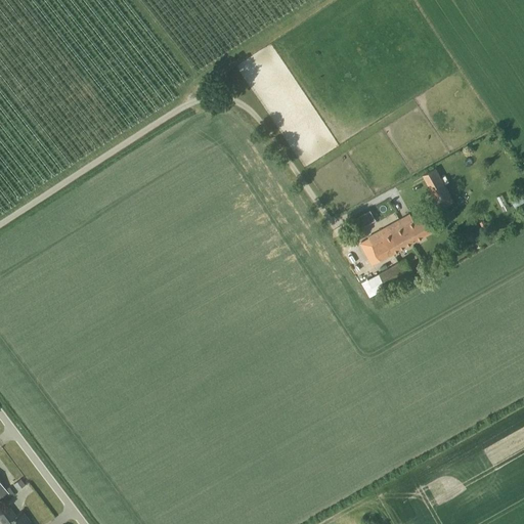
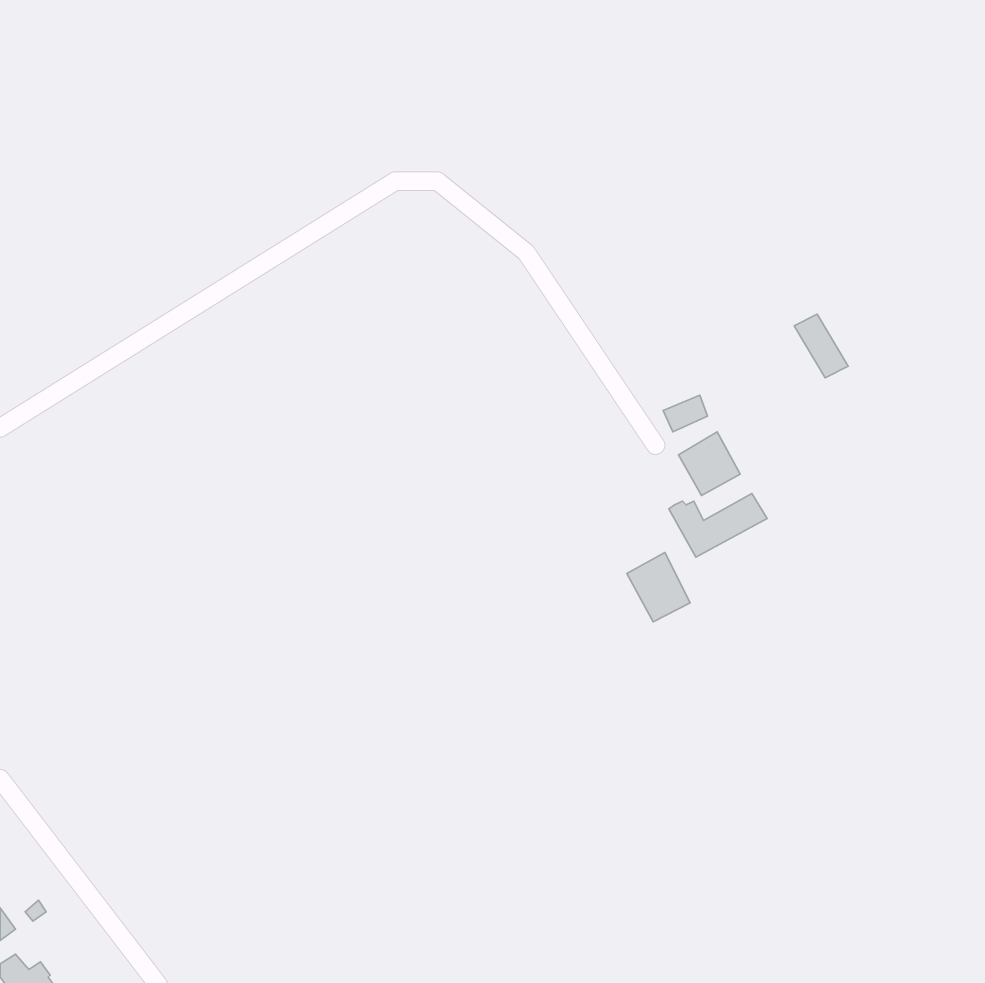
building: [381,215,434,253] -> none
building: none -> [627,553,690,622]

